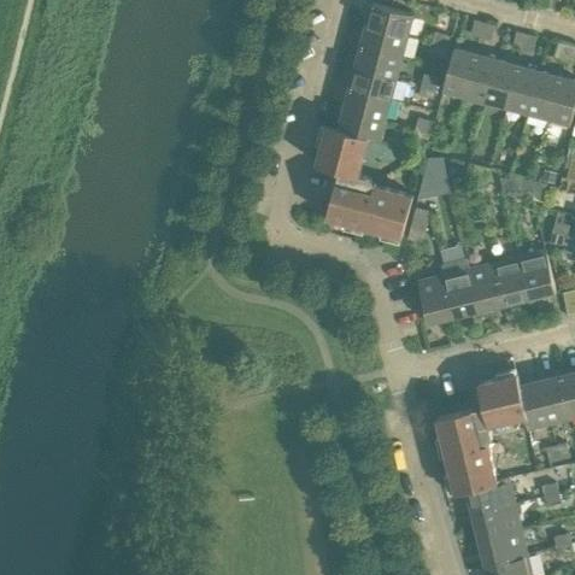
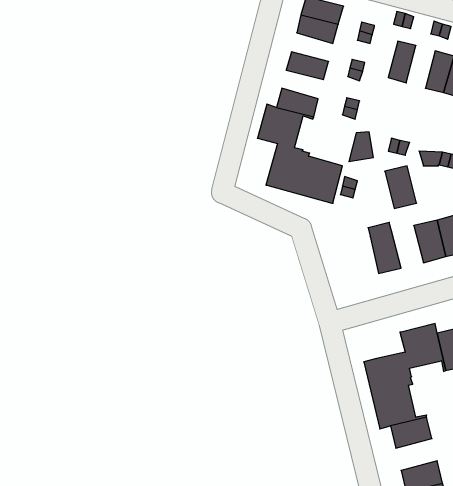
building: [354,46,401,78] -> none
building: [442,49,475,96] -> none
building: [485,60,517,108] -> none
building: [344,88,391,121] -> none
building: [468,264,504,312] -> [385,166,417,208]
building: [417,276,453,324] -> none
building: [473,505,520,541] -> none

